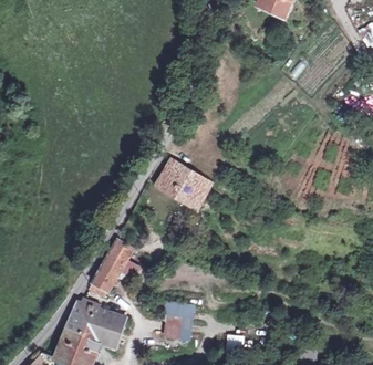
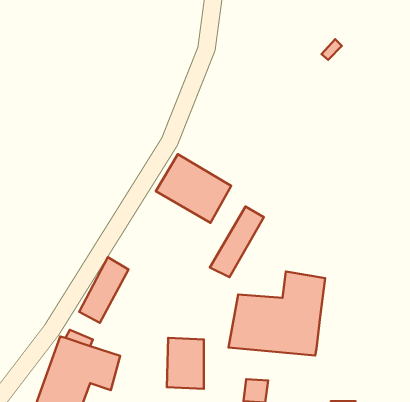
building: none -> [210,206,264,277]
building: none -> [229,271,325,355]

